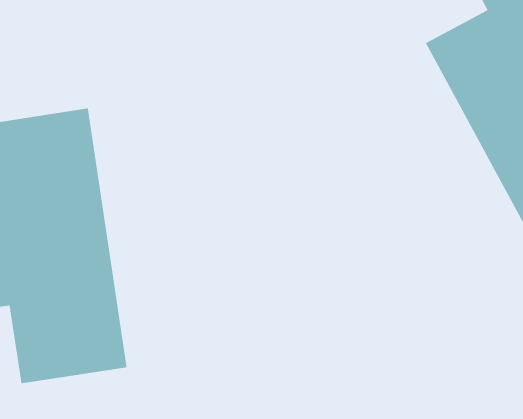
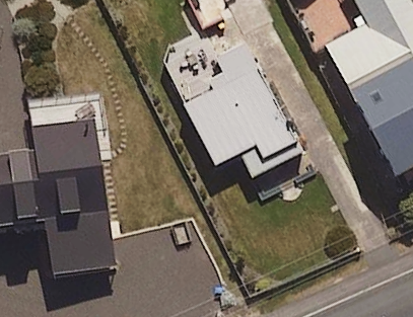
building: none -> [184,65,301,178]

